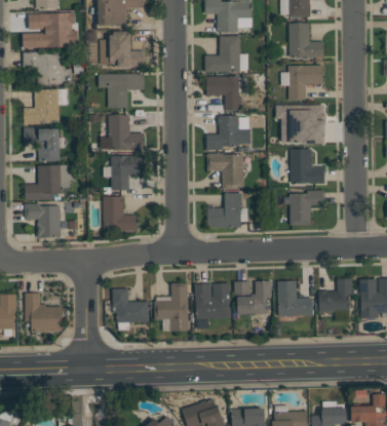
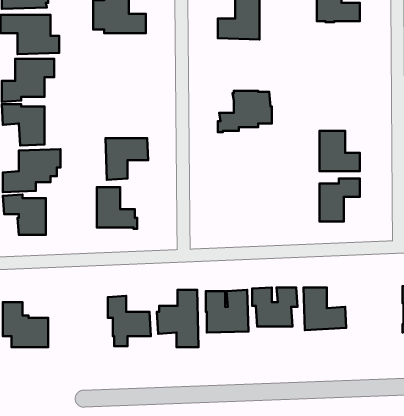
building: [281,66,323,101] -> none
building: [99,74,144,108] -> none
building: [206,76,241,111] -> none
building: [276,106,325,144] -> none
building: [101,115,145,151] -> none
building: [207,154,243,190] -> none
building: [207,194,248,228] -> none
building: [319,279,352,312] -> none

